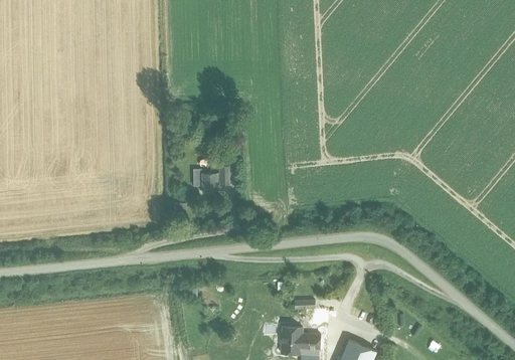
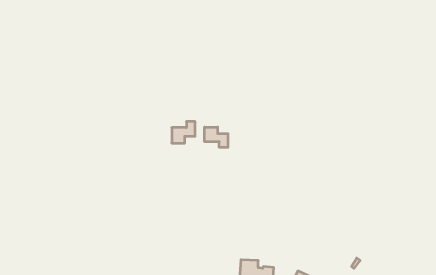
building: none -> [205,127,228,147]

